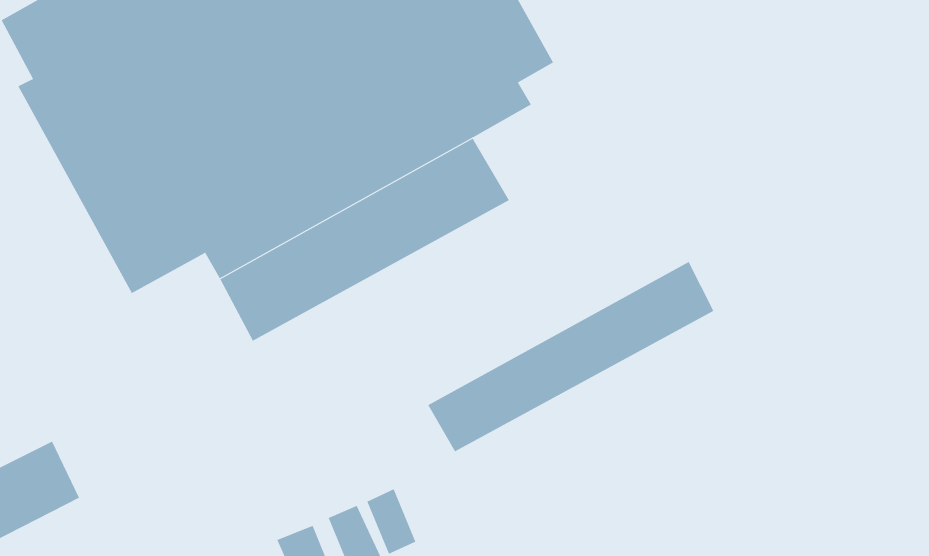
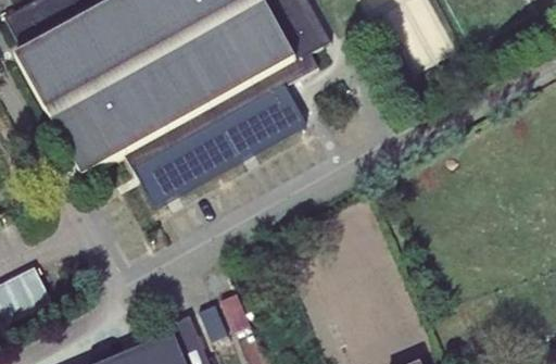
building: [427,261,714,452] -> none

